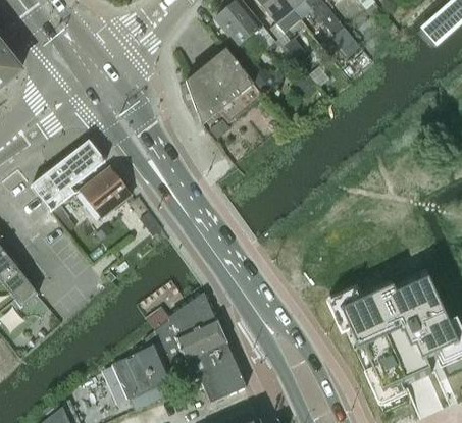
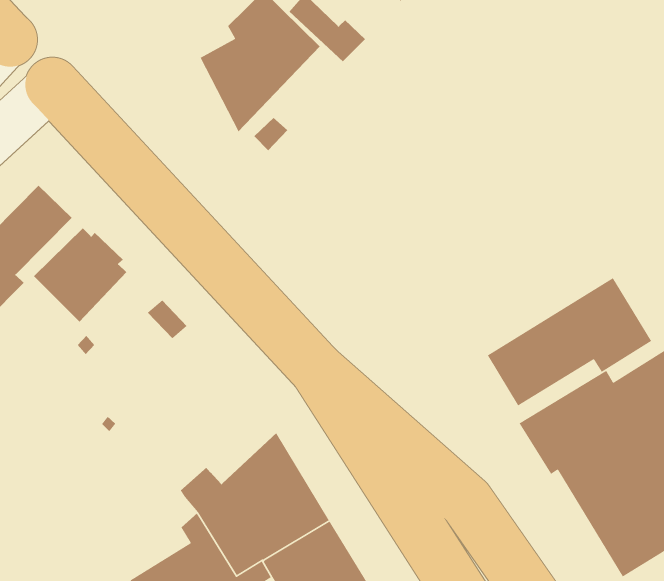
building: none -> [487,277,652,406]

